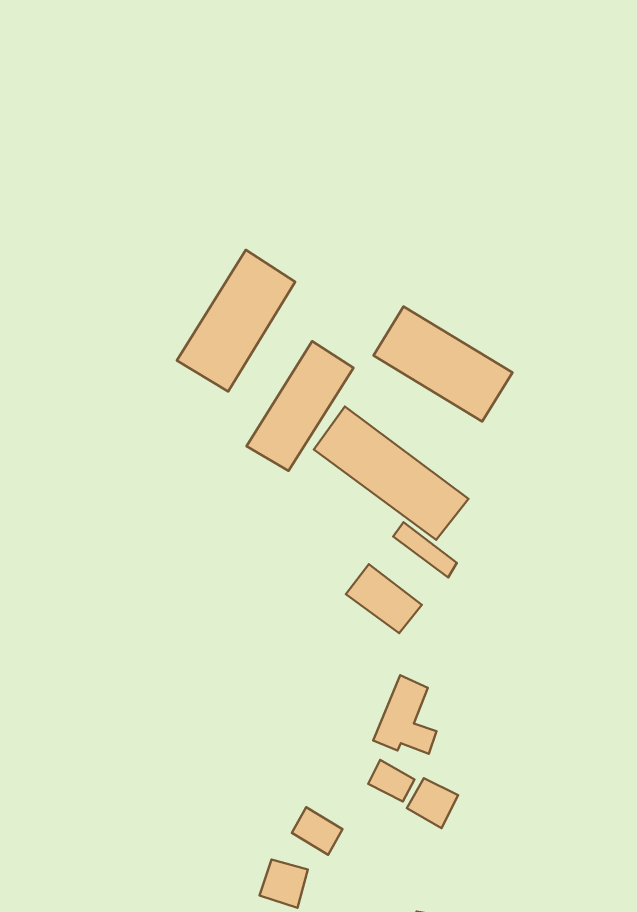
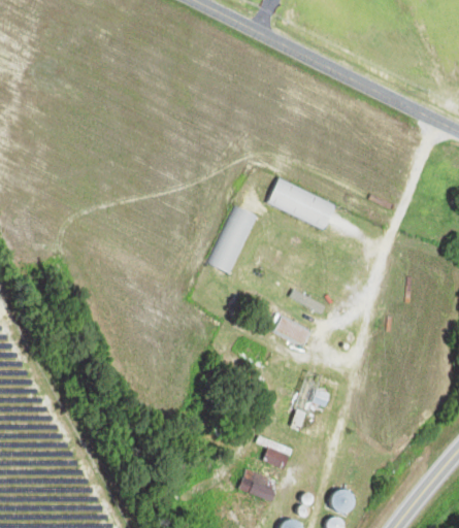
building: [177,250,295,391] -> none
building: [314,406,468,540] -> none
building: [407,778,458,828] -> none

